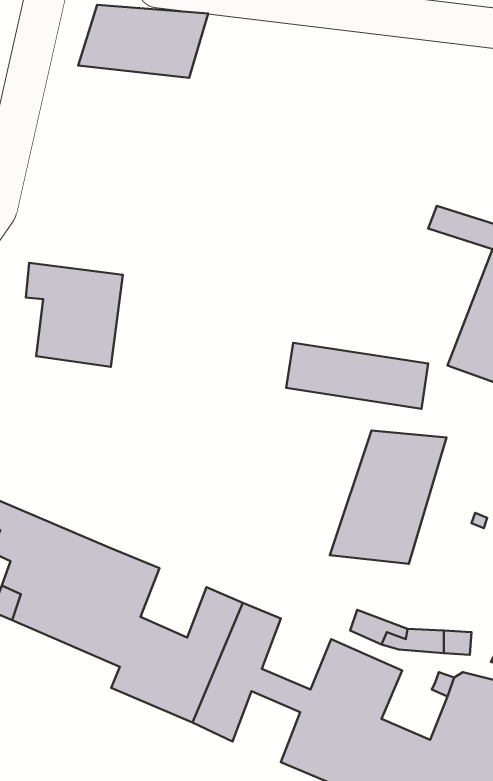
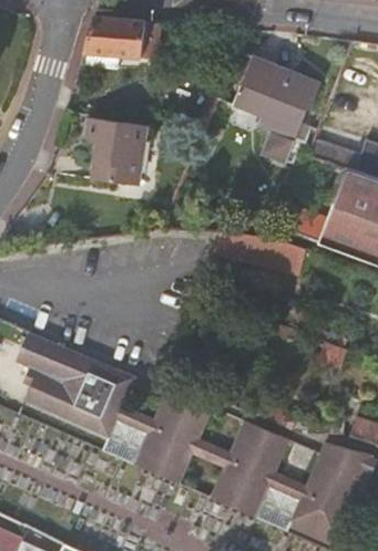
building: none -> [232,61,319,167]
building: [26,263,123,367] -> [86,115,149,181]
building: [330,430,447,564] -> none

